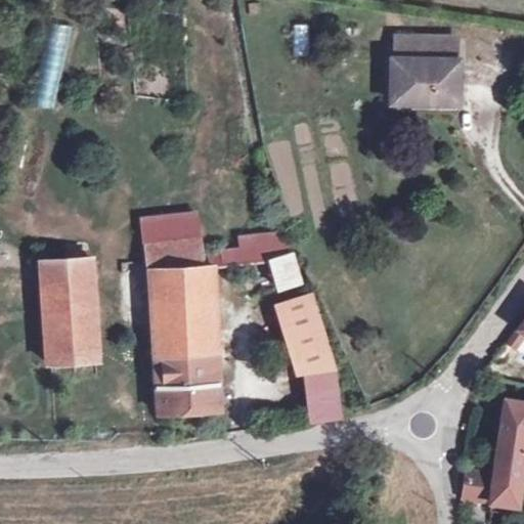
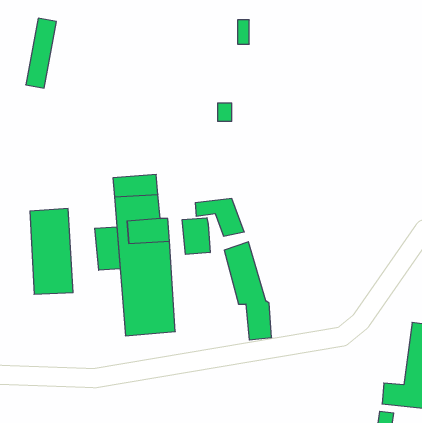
building: [394,30,470,98] -> none
building: none -> [182,218,210,254]
building: none -> [95,227,120,270]

